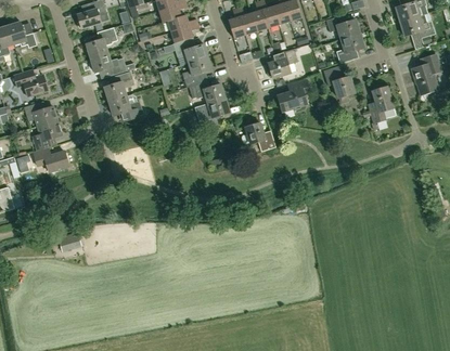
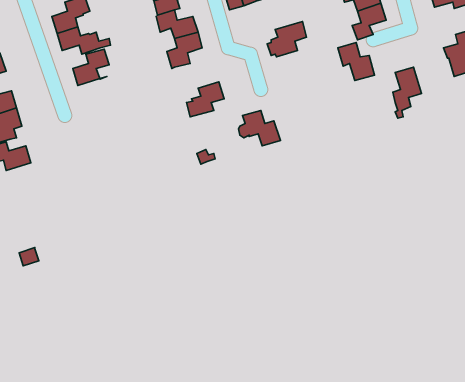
building: [279,79,310,110] -> none
building: [189,80,226,103] -> none
building: [108,93,143,120] -> none

